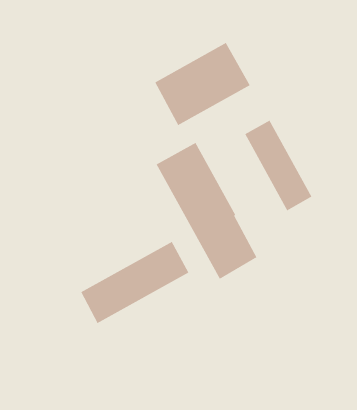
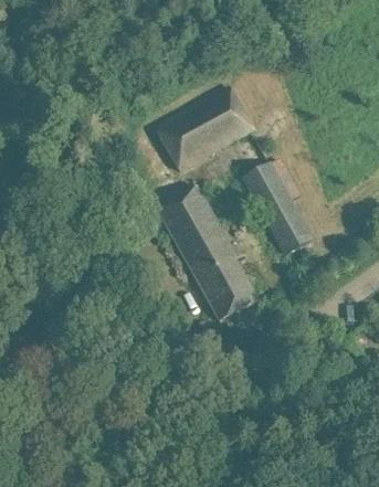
building: [80,241,190,324] -> none

